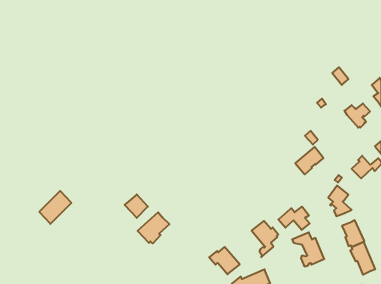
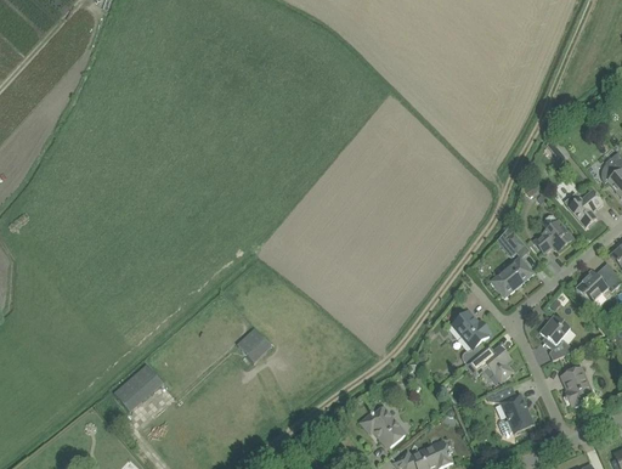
building: none -> [535,214,573,252]
building: [39,191,71,224] -> [111,362,159,412]
building: [138,212,169,243] -> none
building: [252,221,278,257] -> [451,310,491,365]
building: [350,242,375,275] -> none

